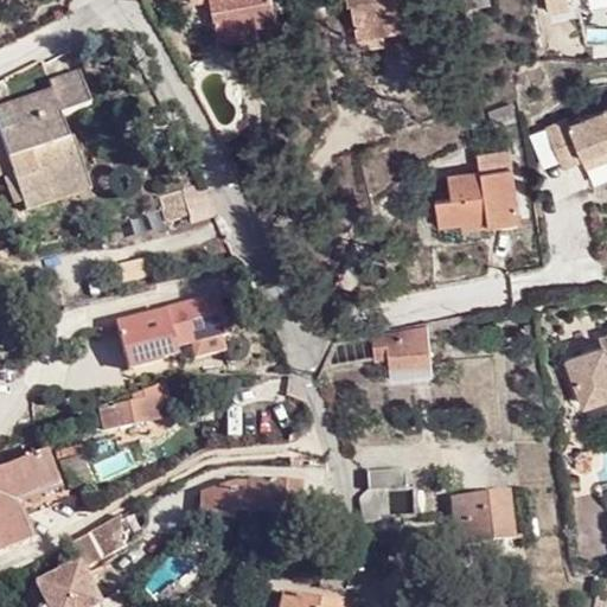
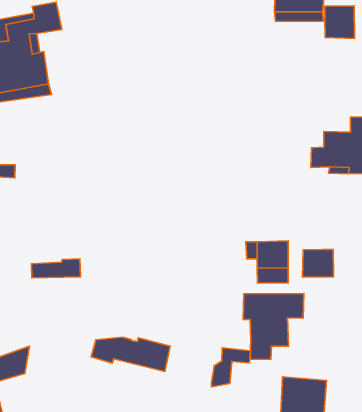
building: none -> [325,6,355,38]
building: [114,299,224,366] -> none
building: none -> [303,249,333,277]
building: none -> [243,293,304,360]

